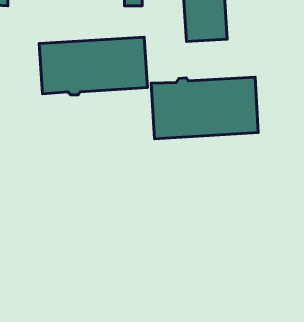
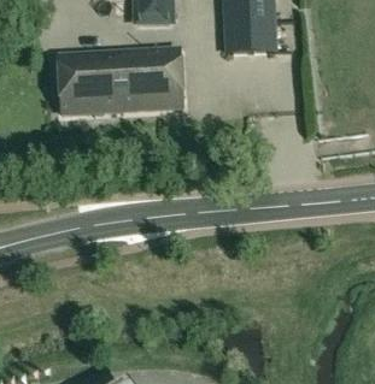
building: [151,77,258,139] -> none

